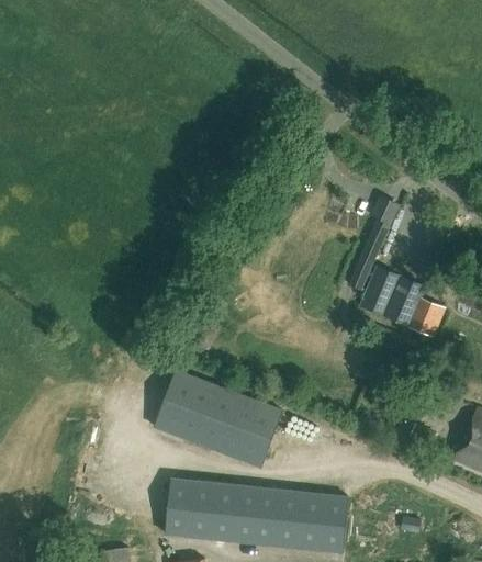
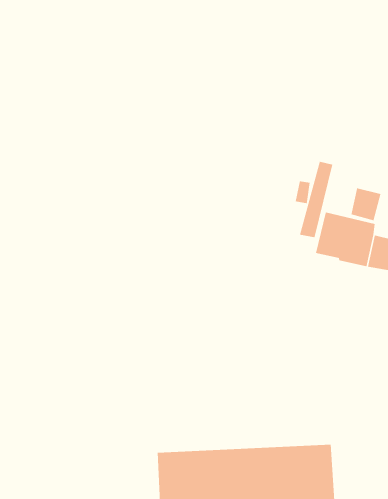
building: none -> [351,187,381,221]
building: [155,370,281,468] -> none

